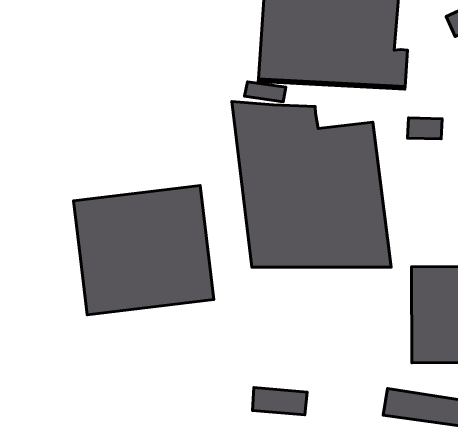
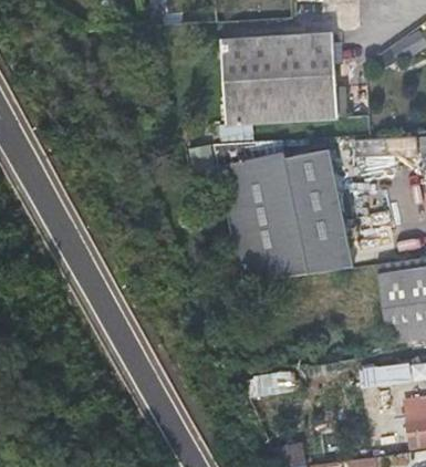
building: [73,186,214,315] -> none

